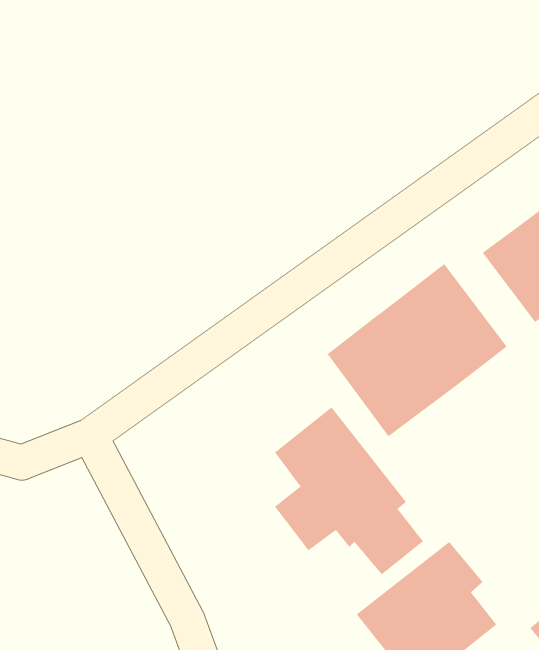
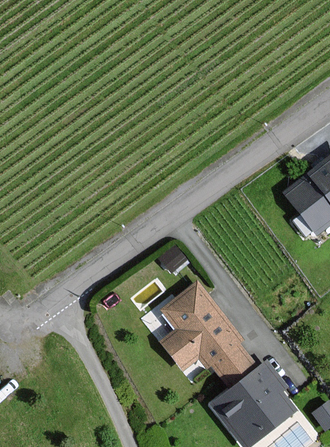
building: [327,263,508,437] -> none

